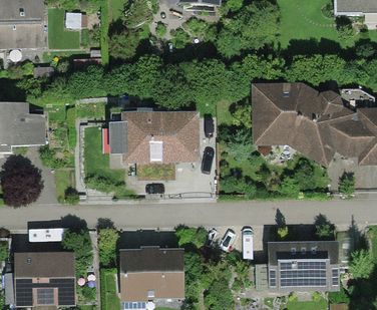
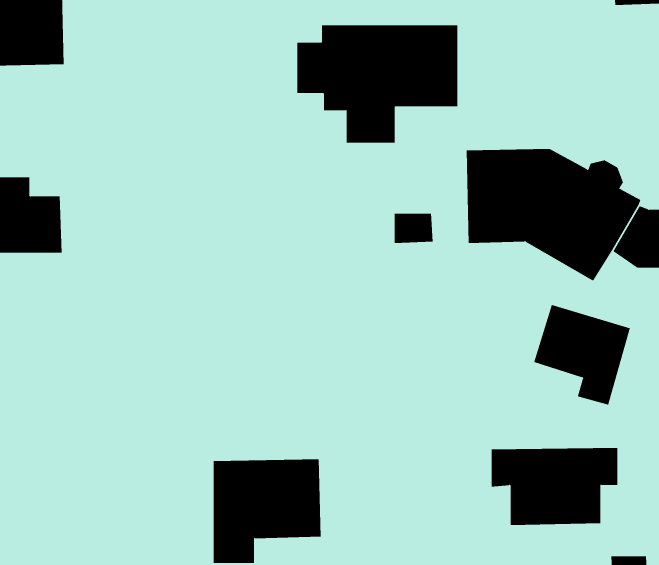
building: [111,114,197,177] -> [296,25,458,143]
building: none -> [533,304,631,406]
building: [17,254,73,301] -> none

